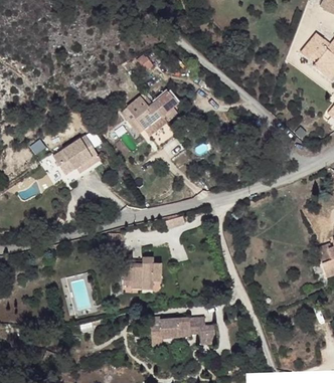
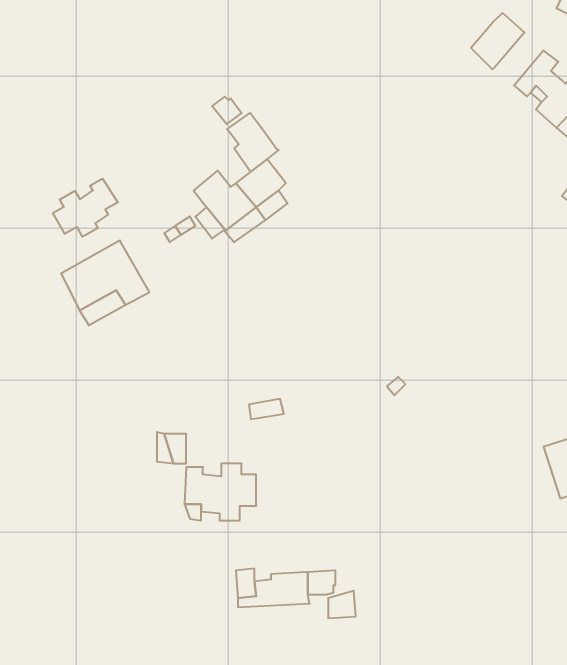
building: none -> [471,13,525,69]
building: none -> [227,113,279,172]
building: none -> [53,179,118,237]

